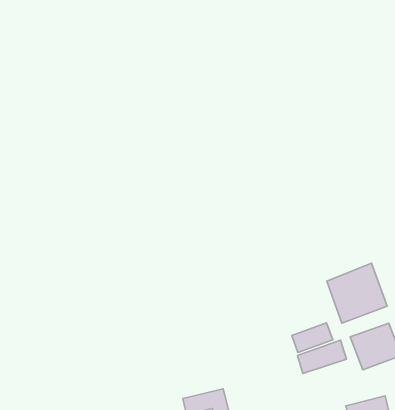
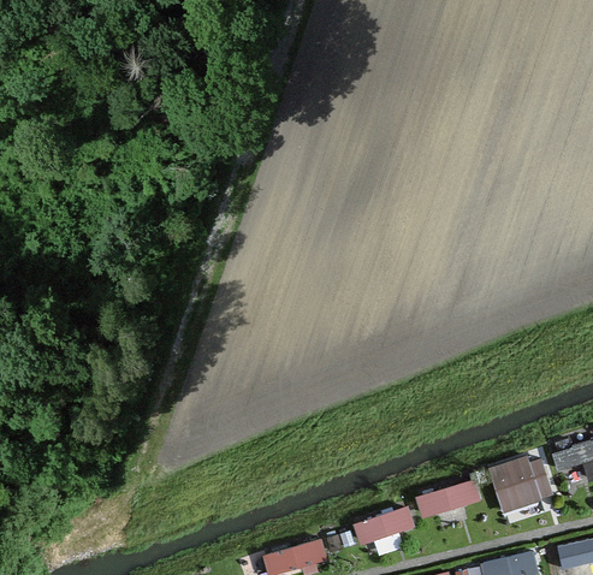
building: [327,263,387,323] -> none
building: [292,323,333,352] -> [360,504,415,544]

